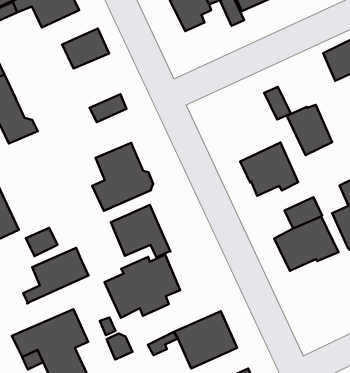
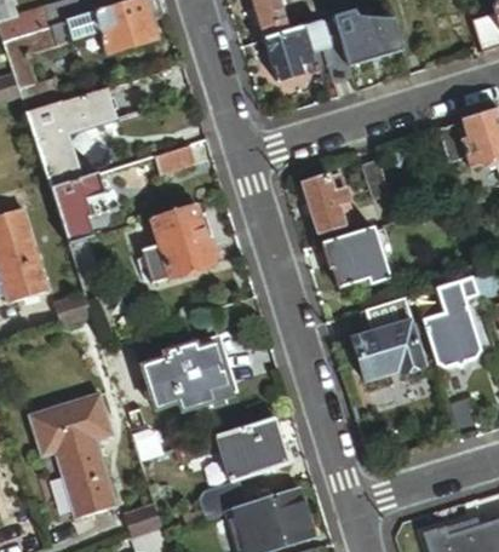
building: [62,29,109,69] -> [57,88,111,132]
building: [287,105,332,155] -> [303,174,352,232]
building: none -> [51,171,103,240]
building: [111,205,171,257] -> none
building: [23,248,89,303] -> none

